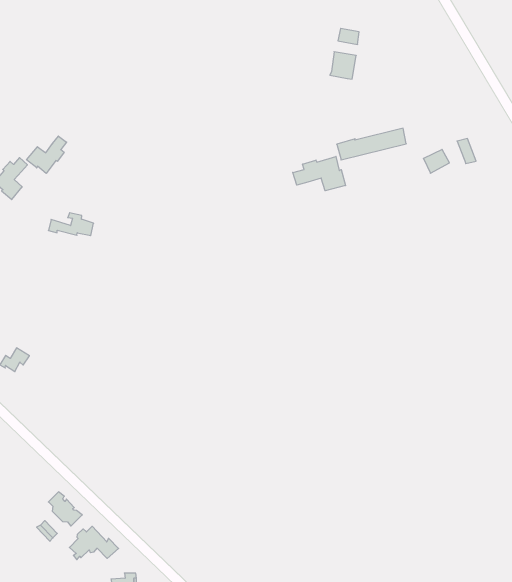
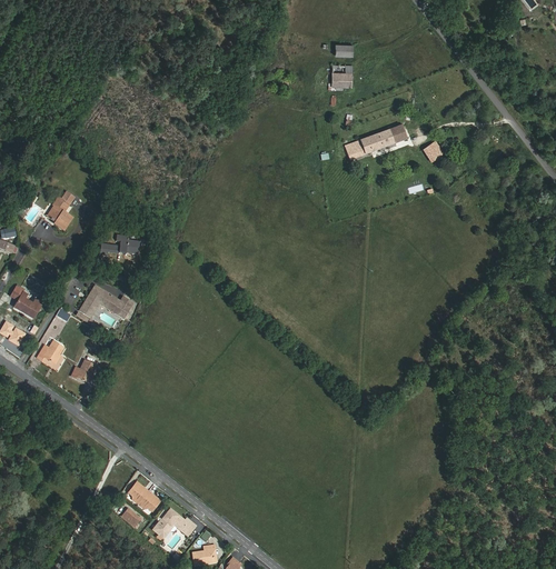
building: [27,136,67,173] -> none
building: [293,156,346,191] -> none
building: none -> [79,283,135,318]

